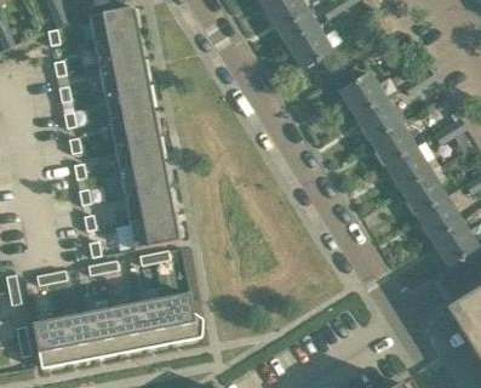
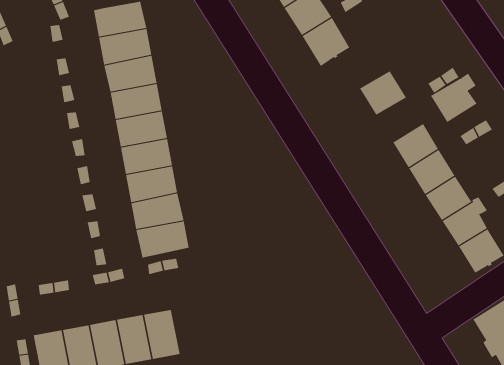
building: [355,92,400,139] -> [430,73,478,123]
building: [162,291,197,340] -> none

